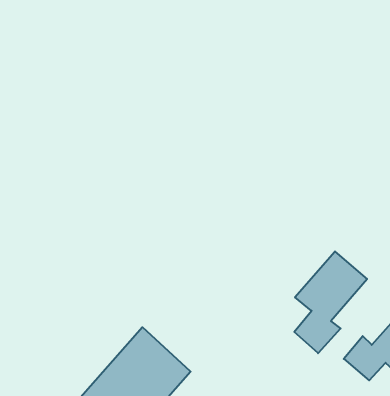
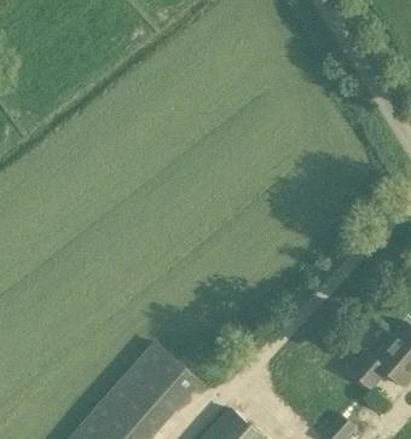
building: [294,251,367,353] -> none

